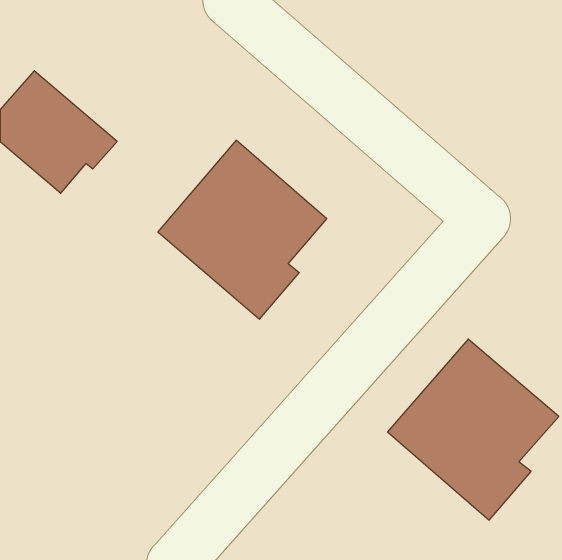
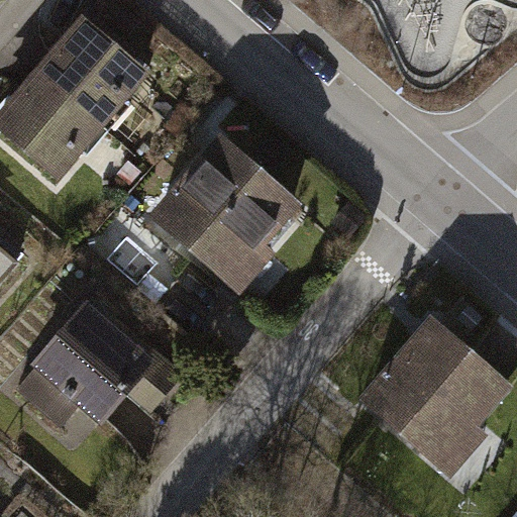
building: none -> [33,14,149,133]
building: none -> [19,301,162,433]

